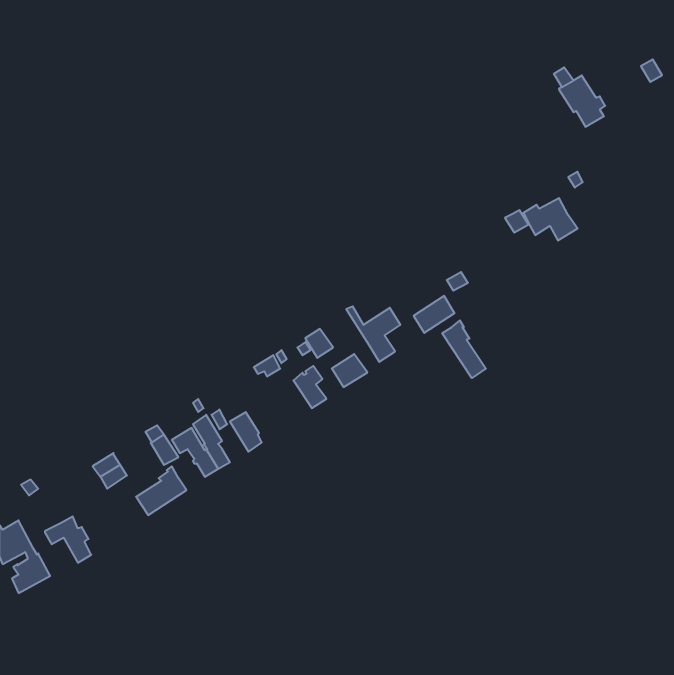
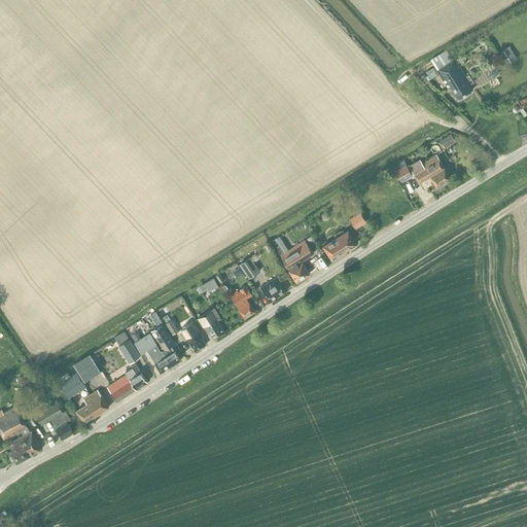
building: [442,320,486,378] -> none
building: none -> [197,310,223,340]
building: none -> [56,363,84,398]
building: none -> [75,390,107,423]

